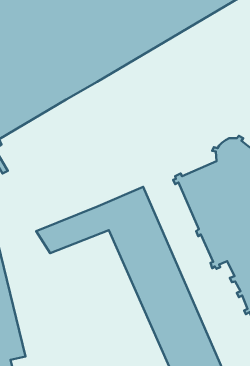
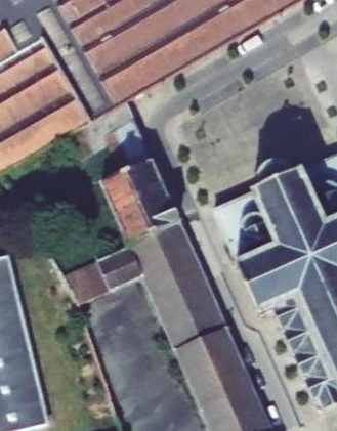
building: none -> [90,98,179,243]

